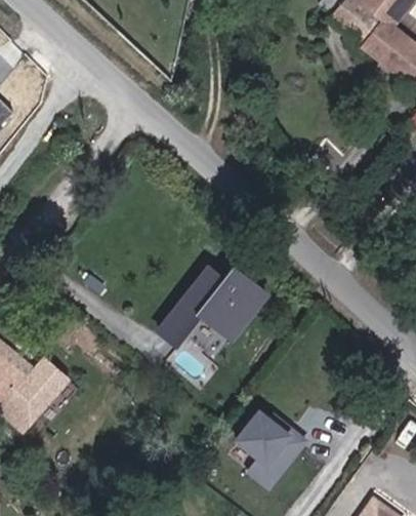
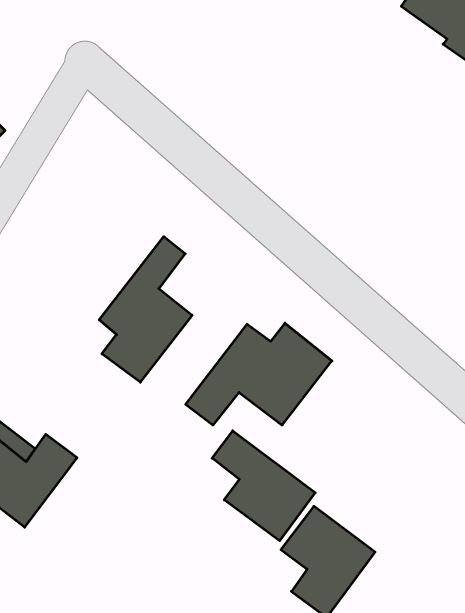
building: none -> [99,237,192,382]
building: none -> [212,431,315,541]

